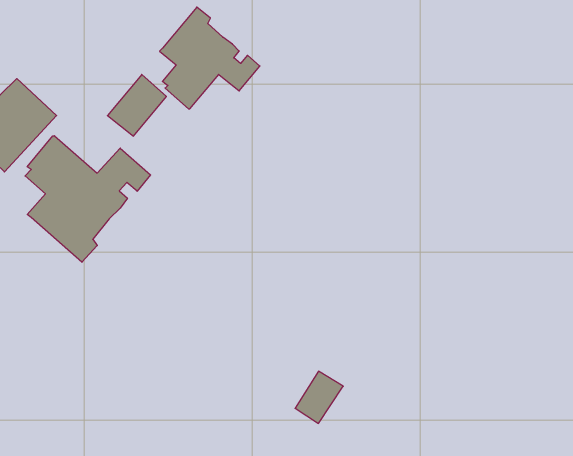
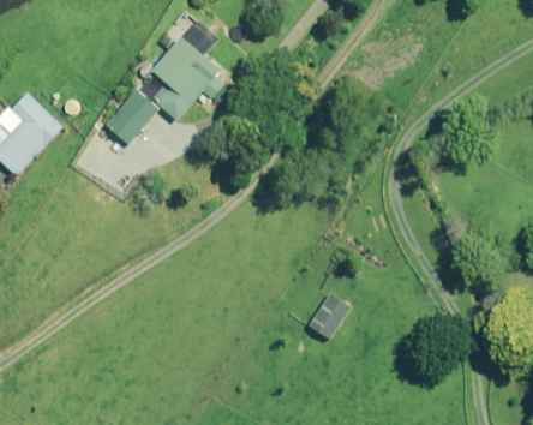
building: [25,136,151,262] -> none
building: [295,371,343,423] -> [309,291,351,336]

